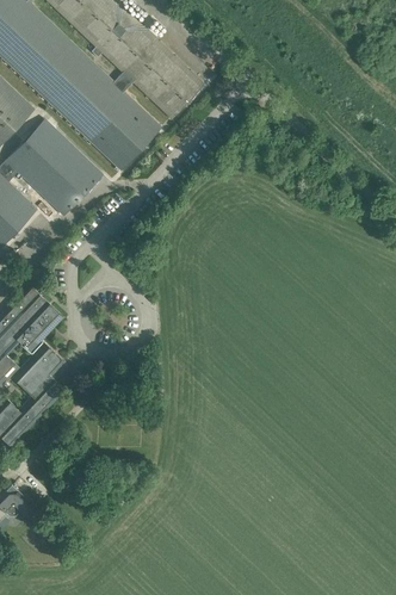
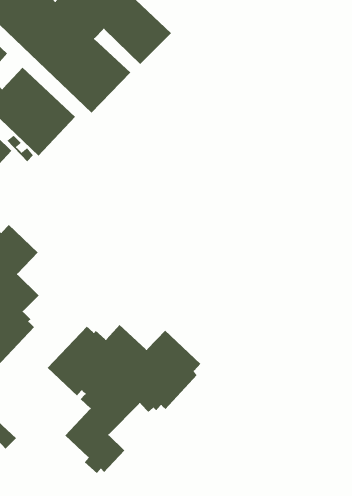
building: none -> [47,324,201,474]

